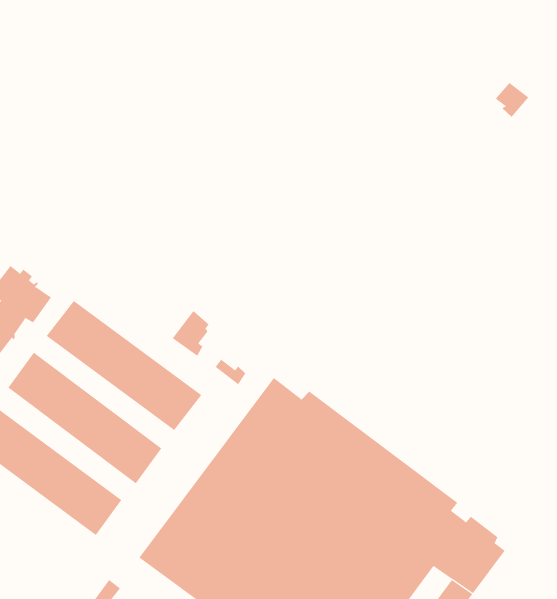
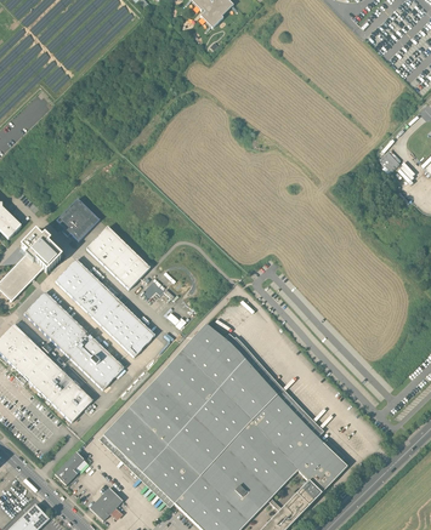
building: none -> [57,198,100,240]
building: none -> [86,226,149,289]

